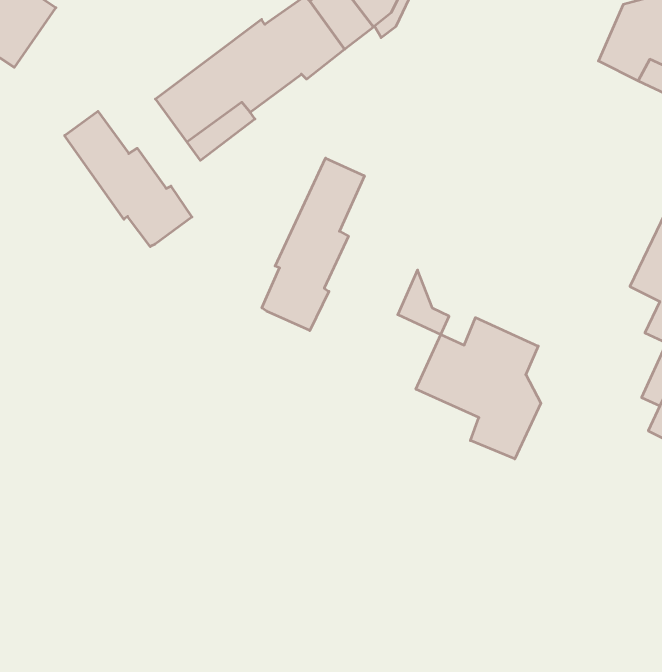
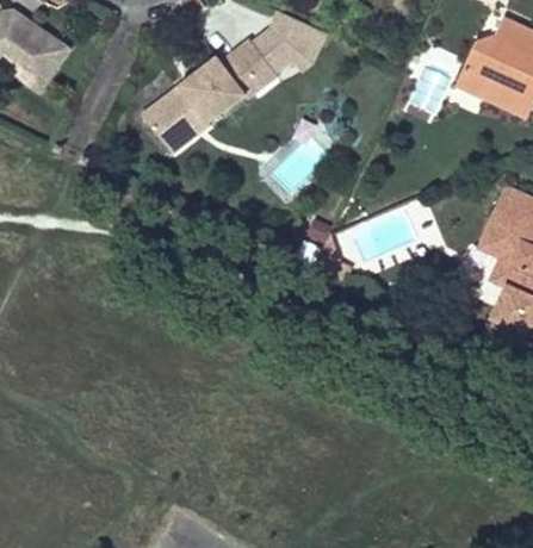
building: [65,111,192,247] -> none
building: [262,158,364,331] -> none
building: [416,318,541,459] -> none

